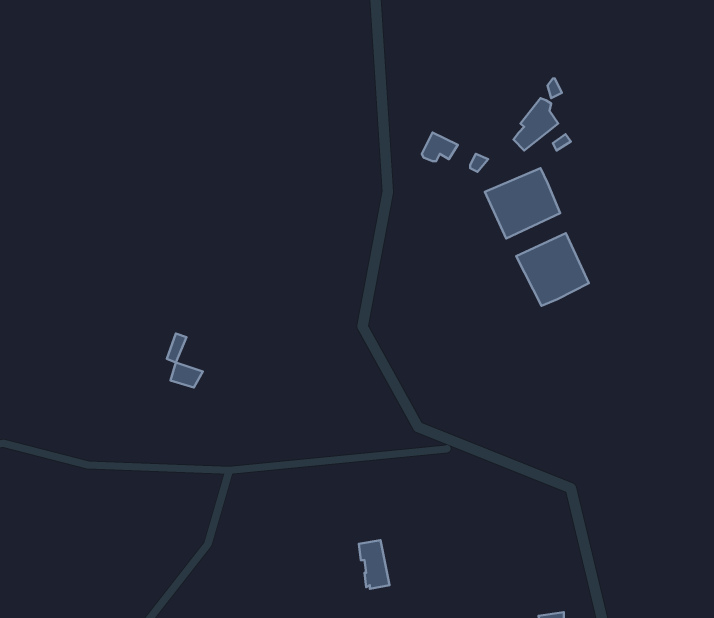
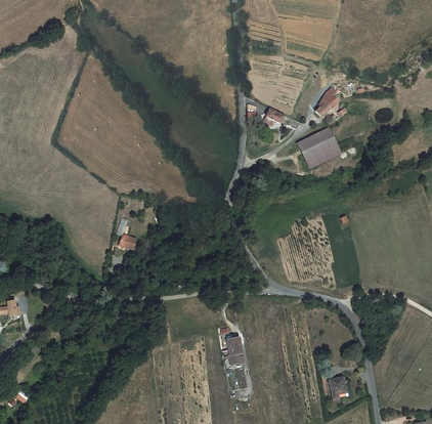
building: [516,233,589,306] -> none

